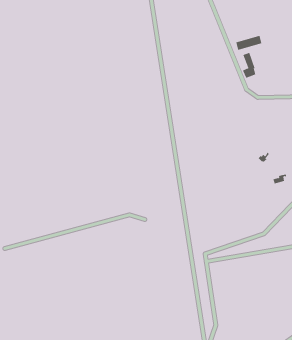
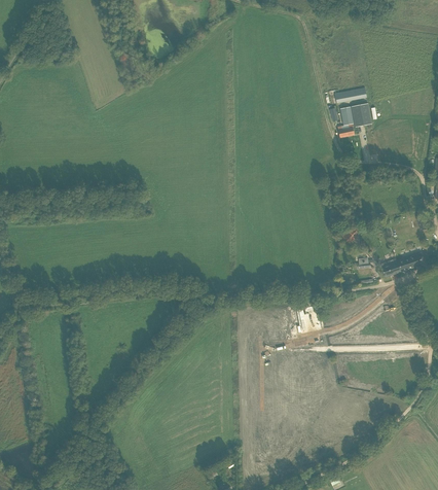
building: none -> [350,102,372,127]

